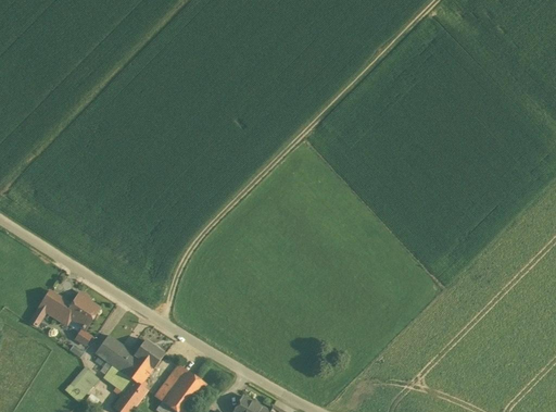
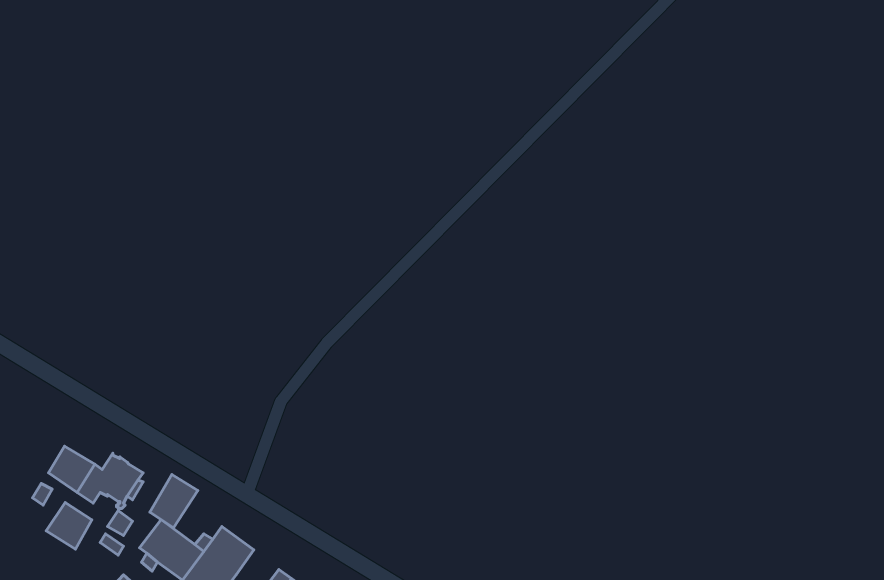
building: none -> [150,474,198,528]
building: none -> [46,502,92,549]

